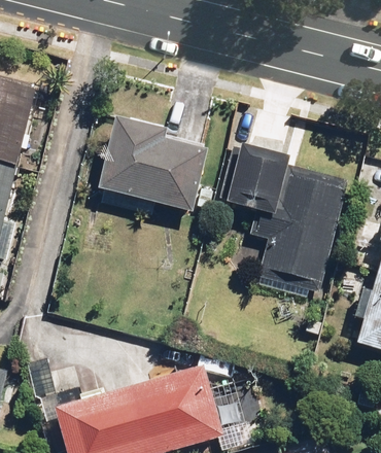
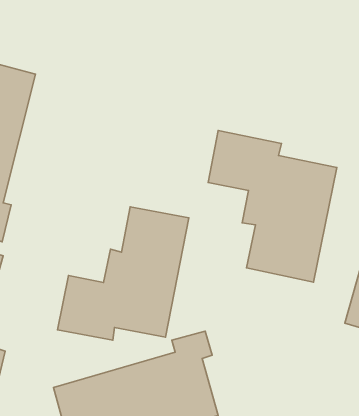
building: [96,114,209,214] -> none
building: none -> [57,207,189,340]

